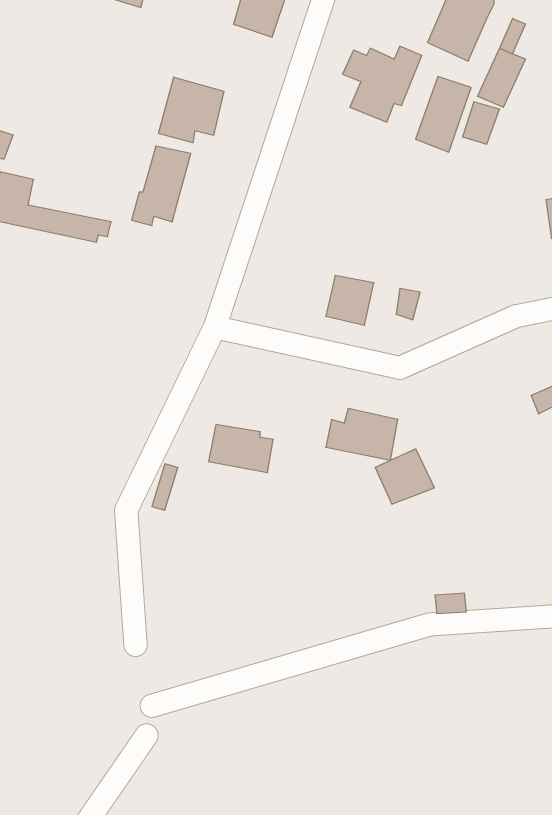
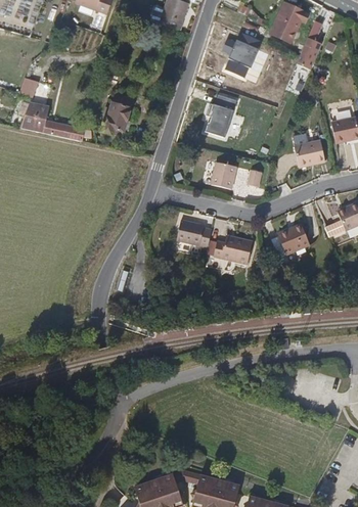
building: [416,76,471,152] -> [207,94,237,136]
building: [158,77,224,143] -> none
building: none -> [296,138,328,166]
building: [208,425,273,473] -> [177,222,213,248]
building: [375,449,434,504] -> [277,225,310,256]

